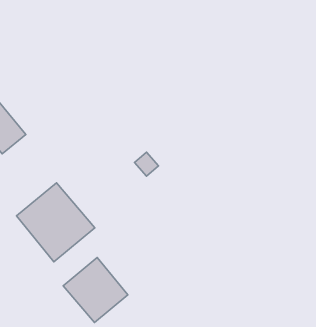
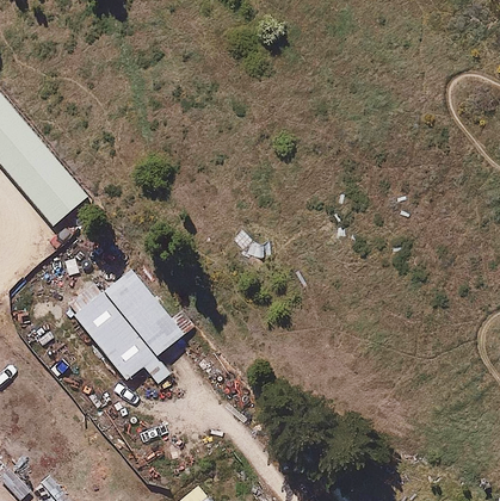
building: [63,257,128,322] -> none

